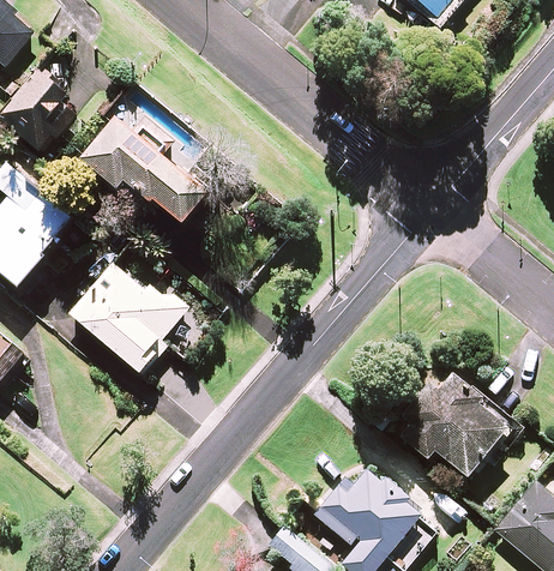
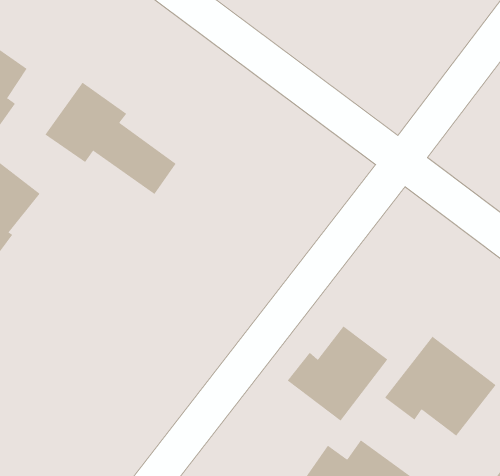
building: [68,262,183,372] -> none
building: none -> [287,326,388,421]

